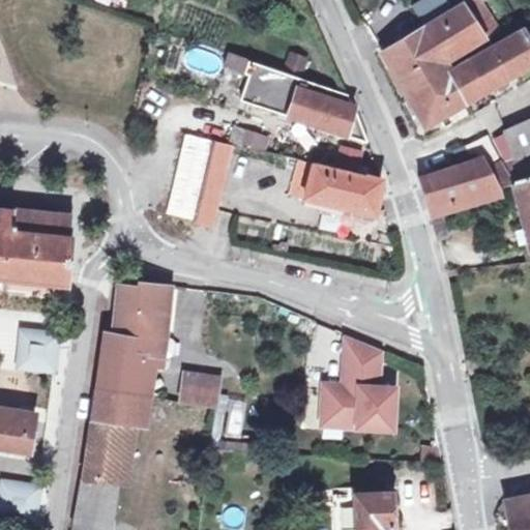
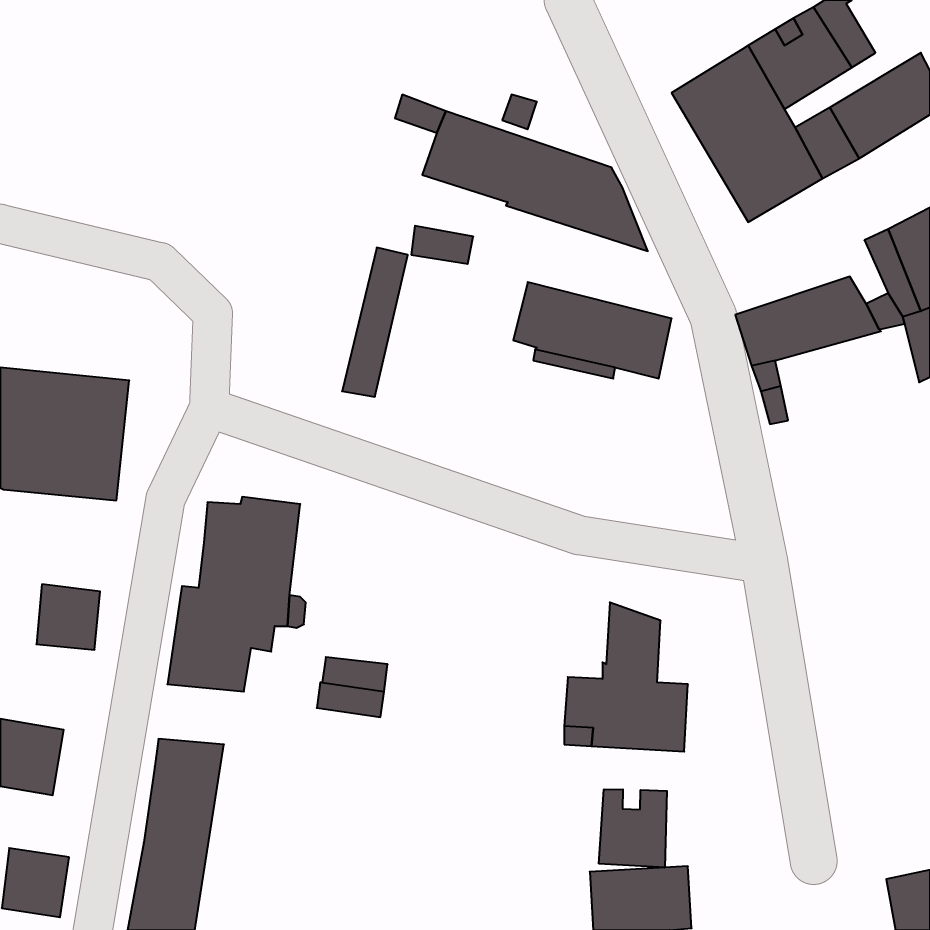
building: [167,135,212,219] -> none
building: [90,389,139,423] -> none
building: none -> [599,789,667,868]

